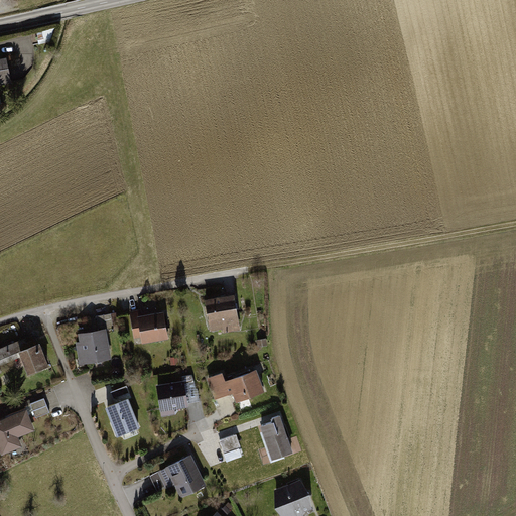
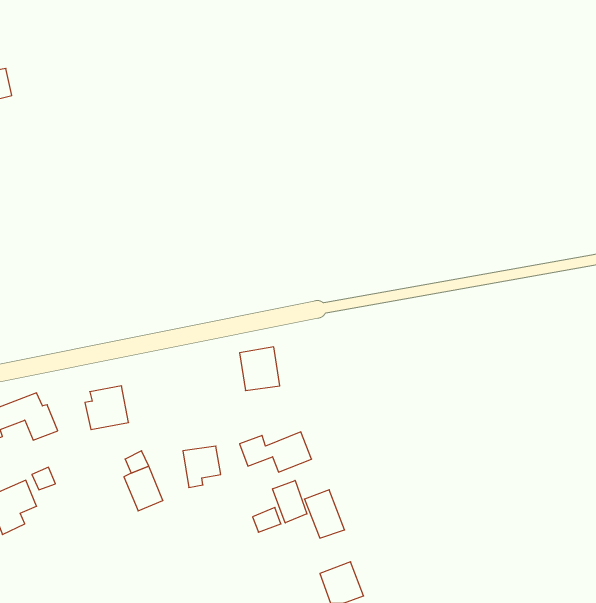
building: [126,310,167,344] -> none
building: none -> [273,480,307,523]
building: [156,455,205,498] -> none

